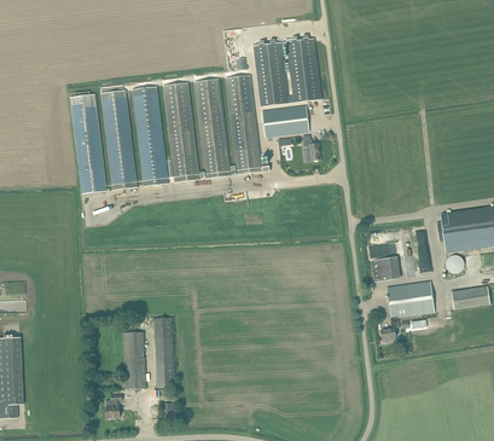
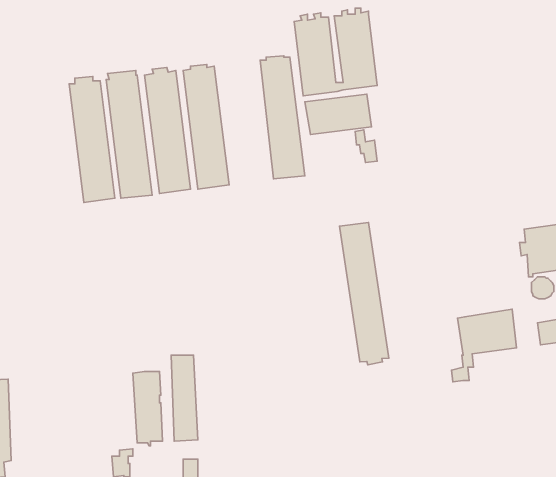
building: [194,76,231,179] -> none
building: none -> [340,222,389,365]
building: [371,256,397,282] -> none

